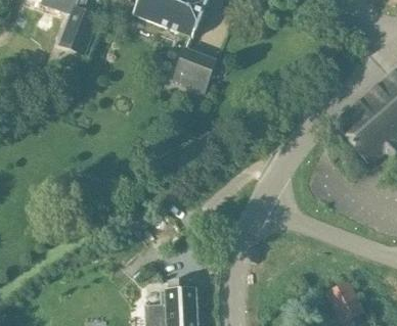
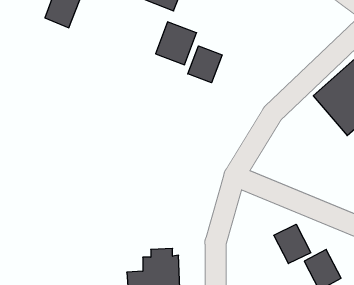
building: none -> [188,46,222,83]
building: none -> [274,224,311,264]

